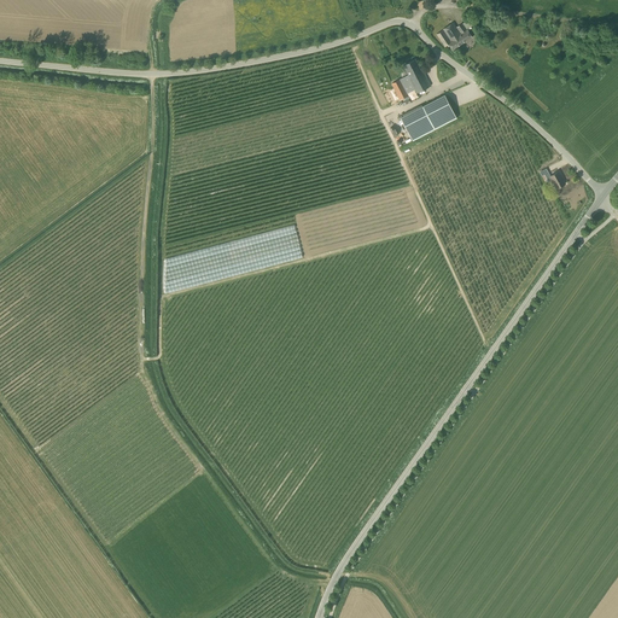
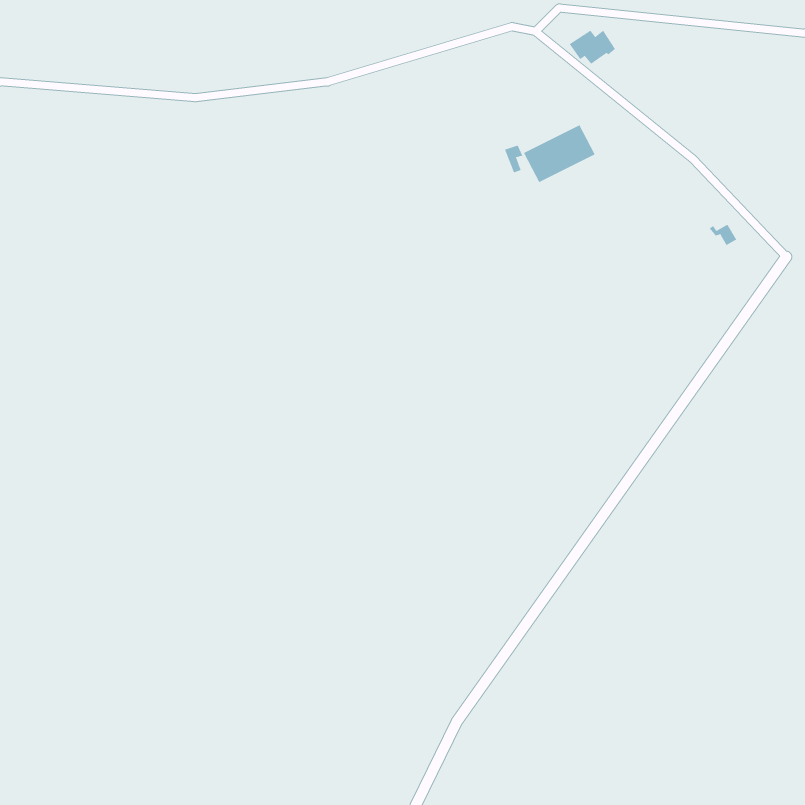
building: [391,59,430,99] -> none

